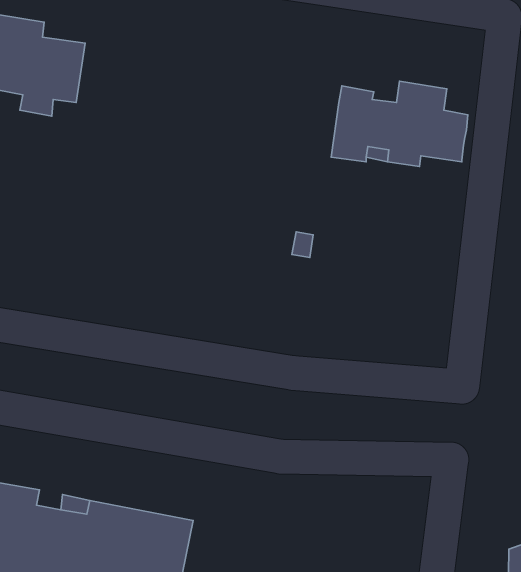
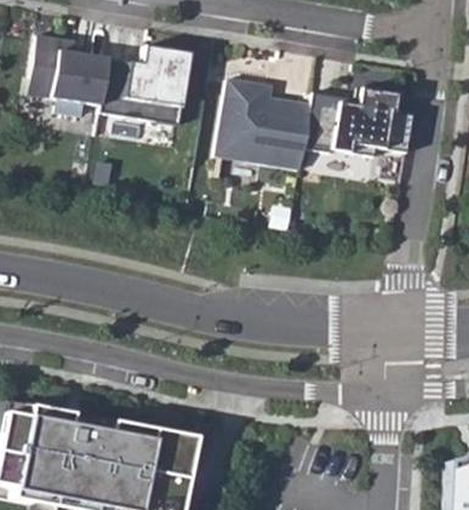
building: none -> [99,47,189,125]
building: none -> [216,79,310,170]

